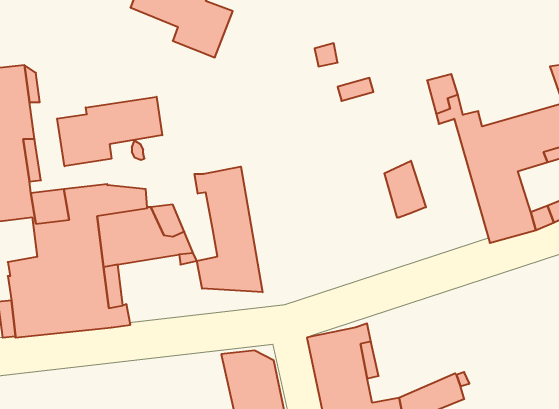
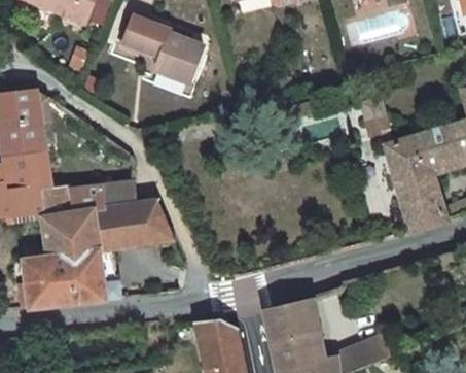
building: [57,97,162,166] -> none
building: [384,161,426,218] -> none
building: [194,167,263,292] -> none

